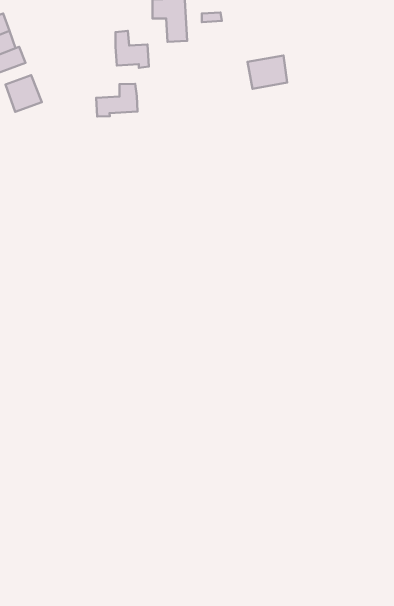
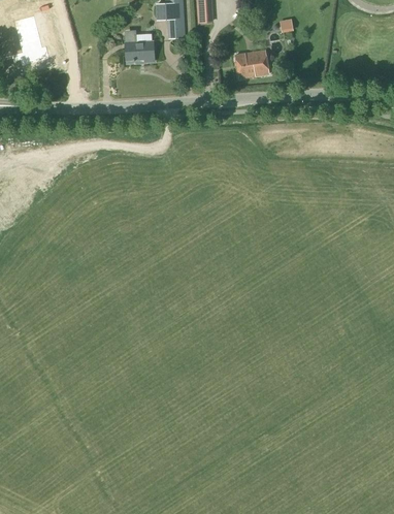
building: [5,75,42,112] -> none
building: [96,84,138,116] -> none

